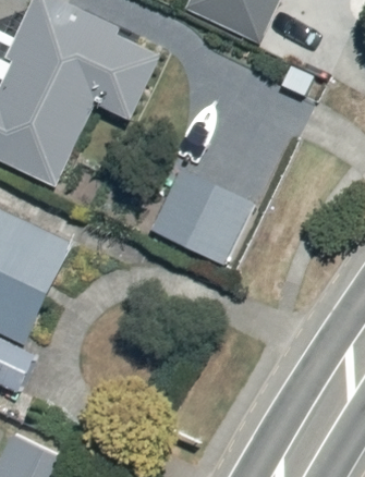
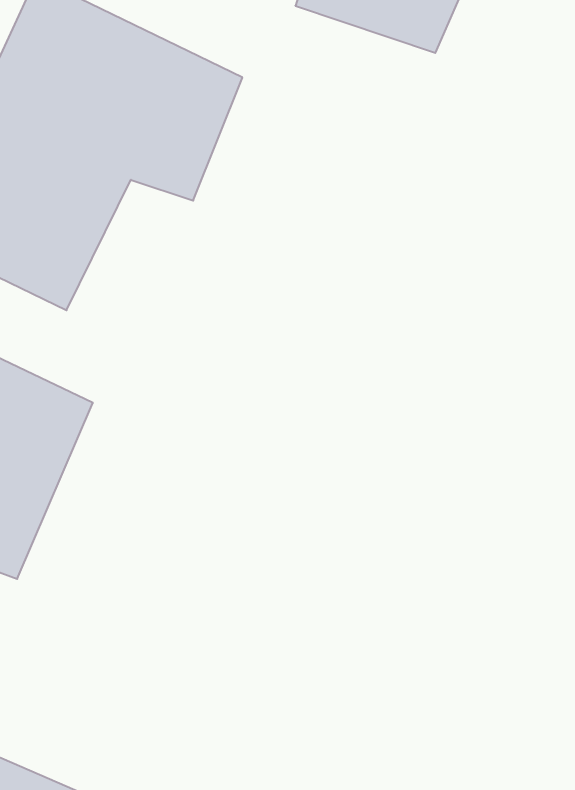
building: [157,170,260,268] -> none

